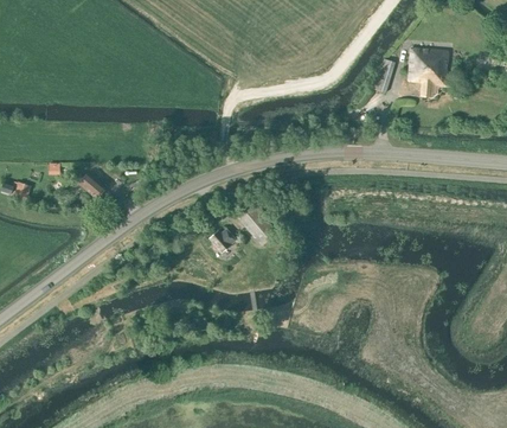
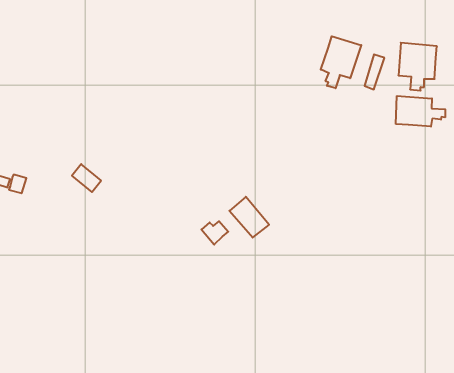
building: none -> [321,36,361,88]
building: none -> [396,96,445,127]

